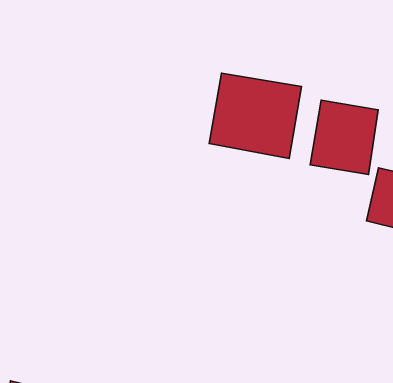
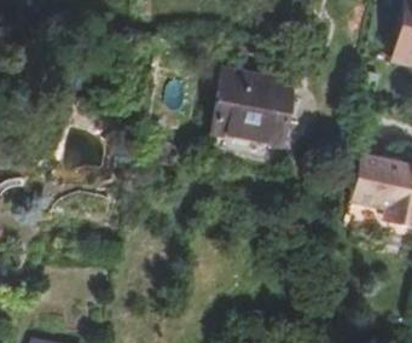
building: [310,100,378,175] -> none

